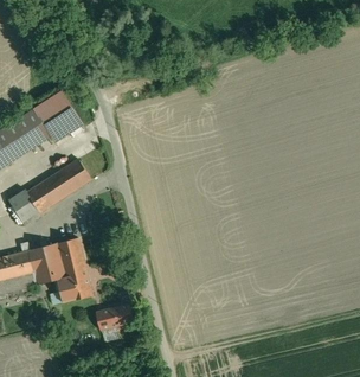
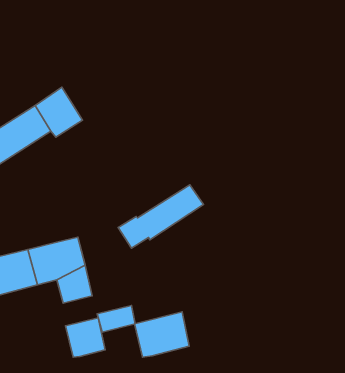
building: [8,160,91,222] -> [118,185,203,248]
building: none -> [134,312,189,357]
building: none -> [65,318,105,357]

